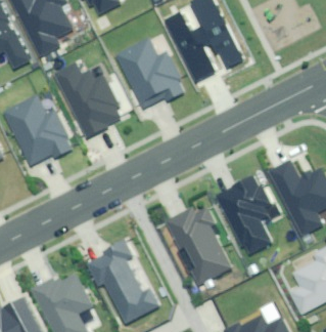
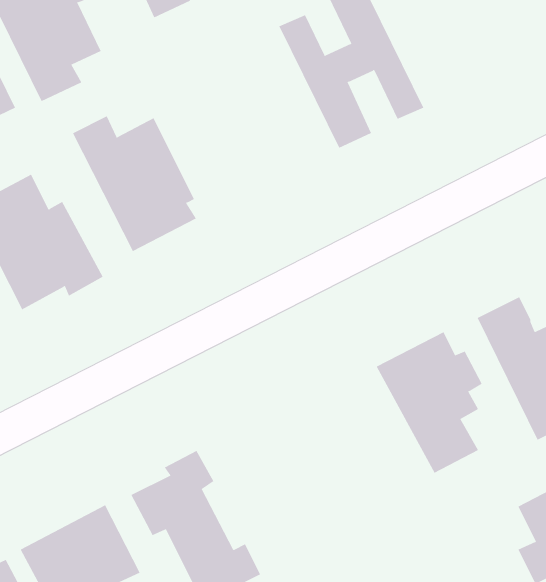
building: [118,36,187,103] -> none
building: [167,201,232,284] -> none

